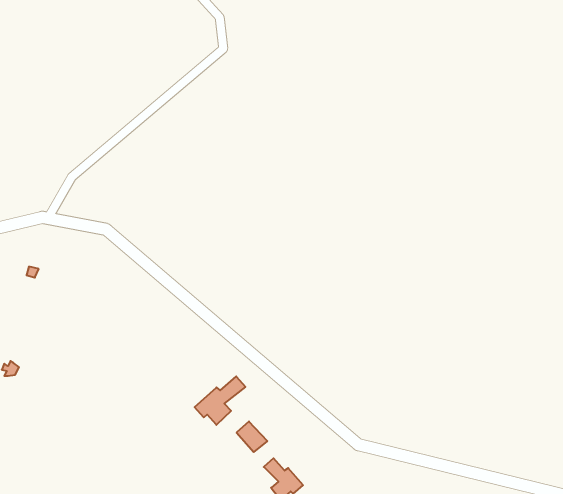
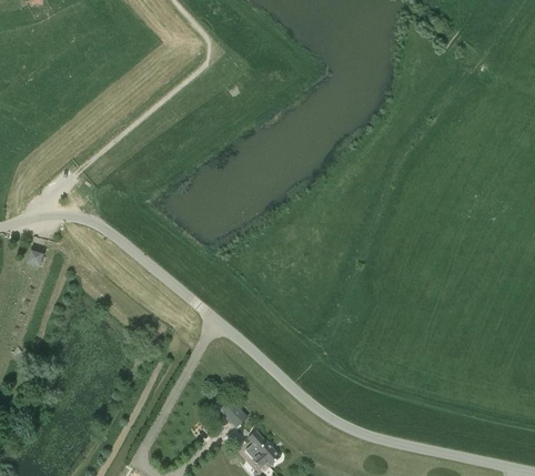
building: [195,376,245,425] -> none

